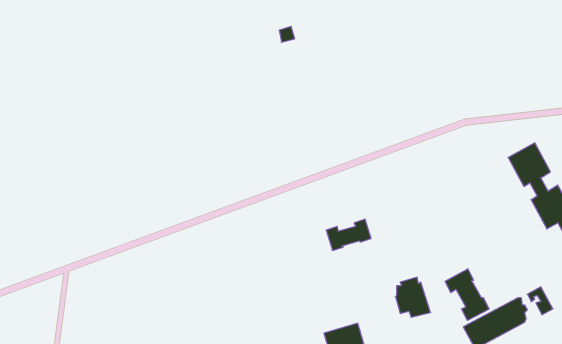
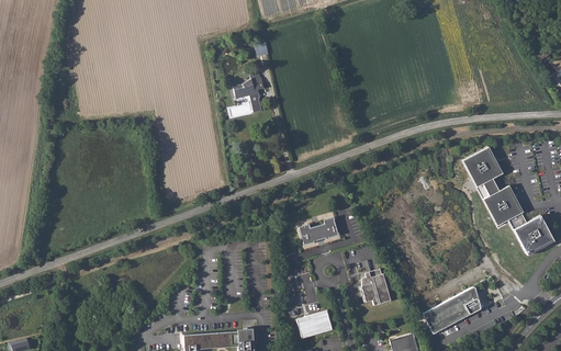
building: none -> [234,78,262,112]
building: [445,269,489,320] -> none

